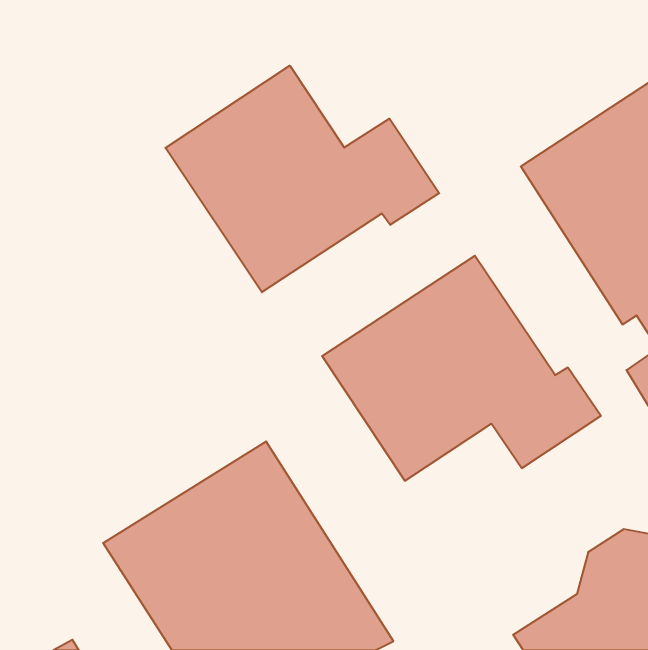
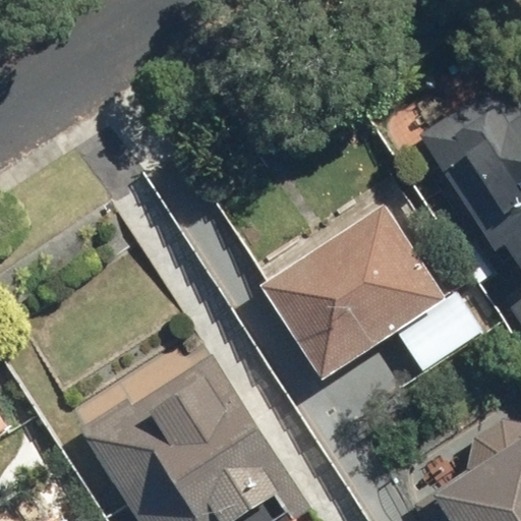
building: [165,66,439,292] -> none

